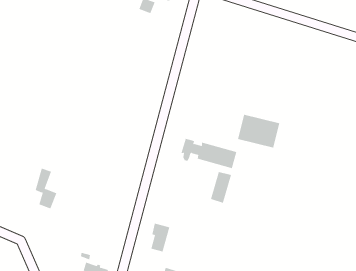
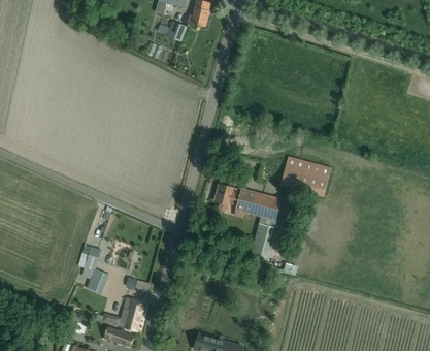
building: [35,168,57,209] -> [82,247,108,294]
building: [150,223,170,252] -> [122,297,144,331]

